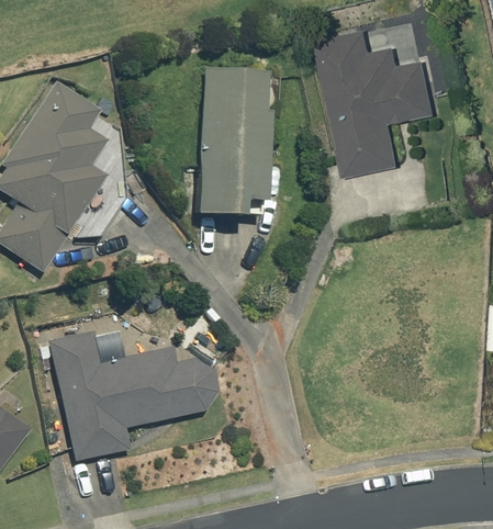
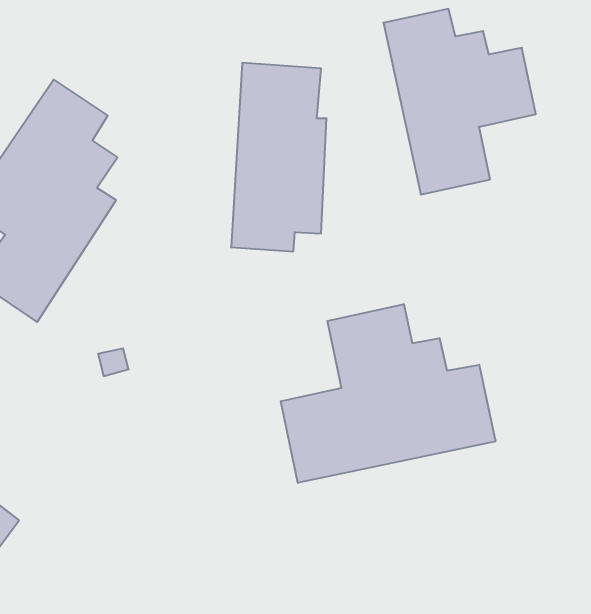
building: none -> [281,304,496,483]
building: [51,331,217,461] -> none

